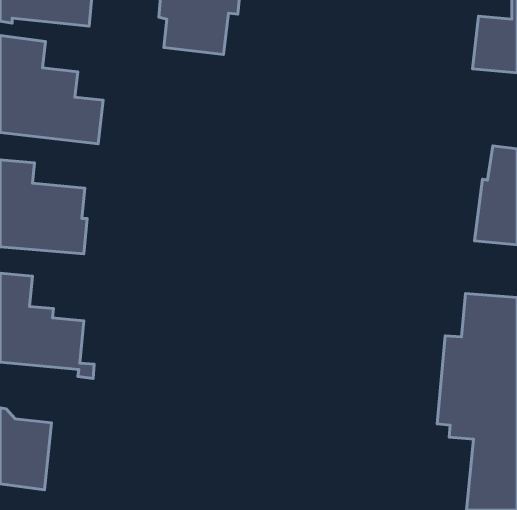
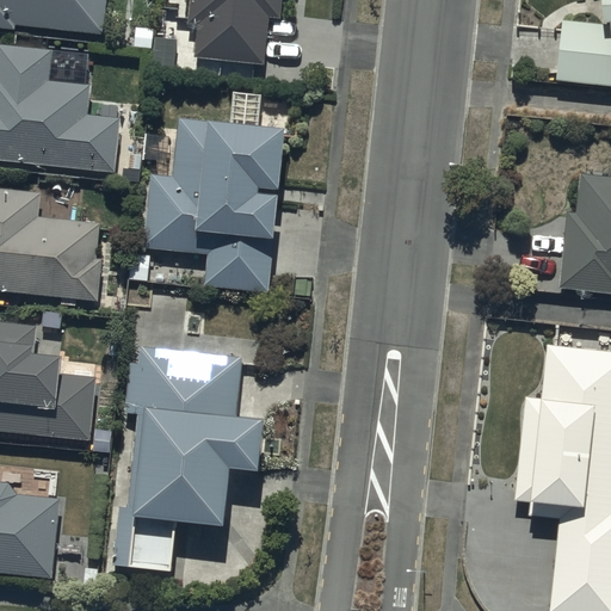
building: none -> [144,118,285,291]
building: none -> [113,346,265,574]

